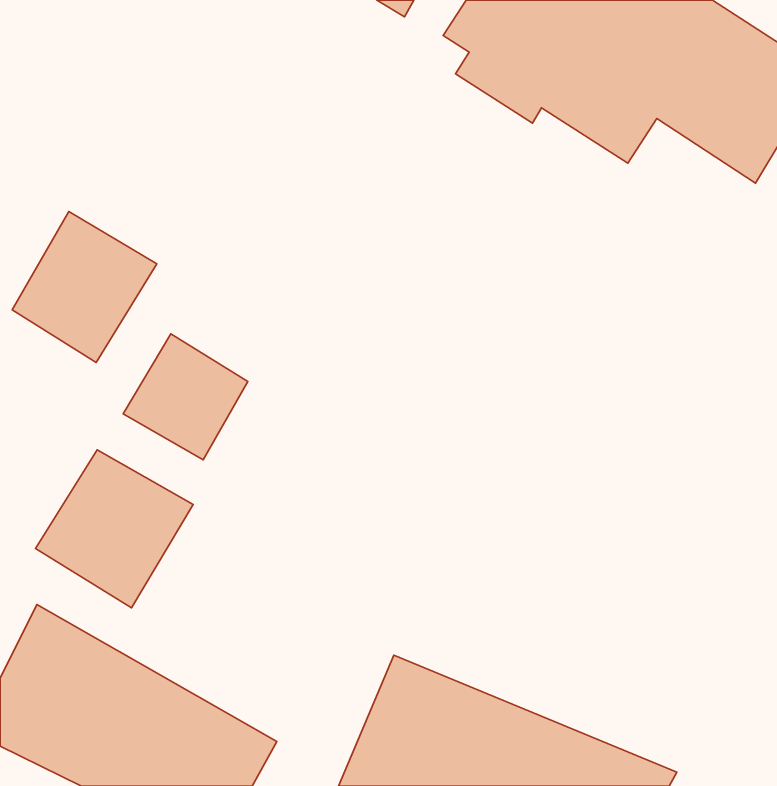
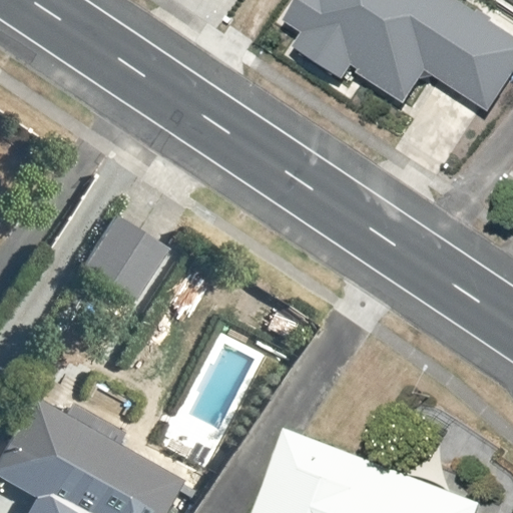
building: [12,211,157,363] -> none
building: [36,450,193,608] -> none

